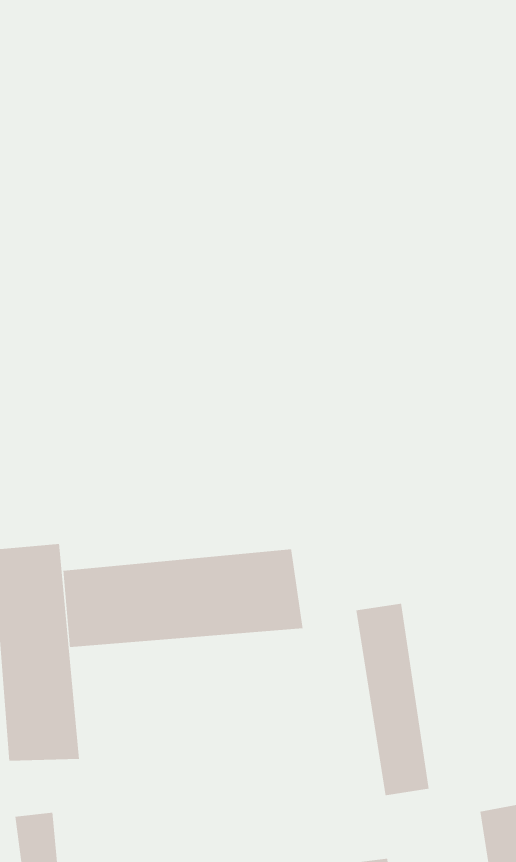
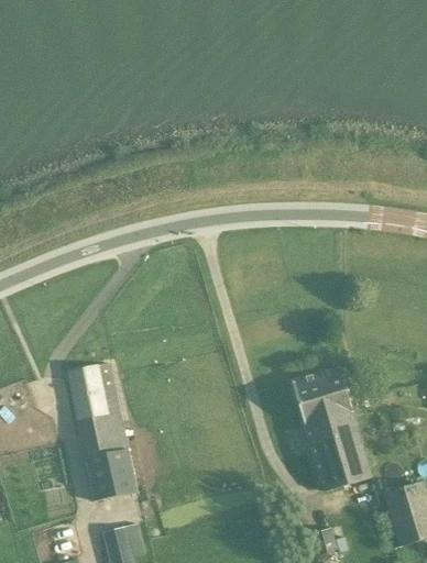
building: [63,548,303,648] -> none
building: none -> [321,366,373,483]

